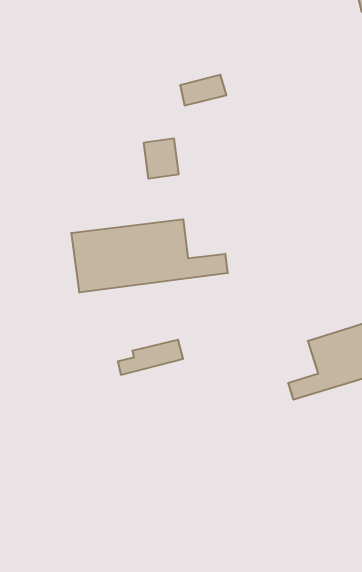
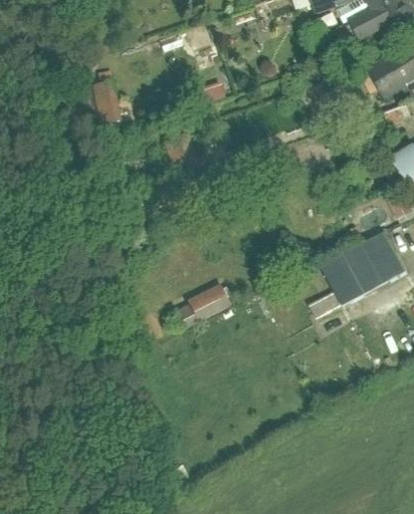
building: none -> [94,75,117,116]
building: [71,219,228,293] -> none

